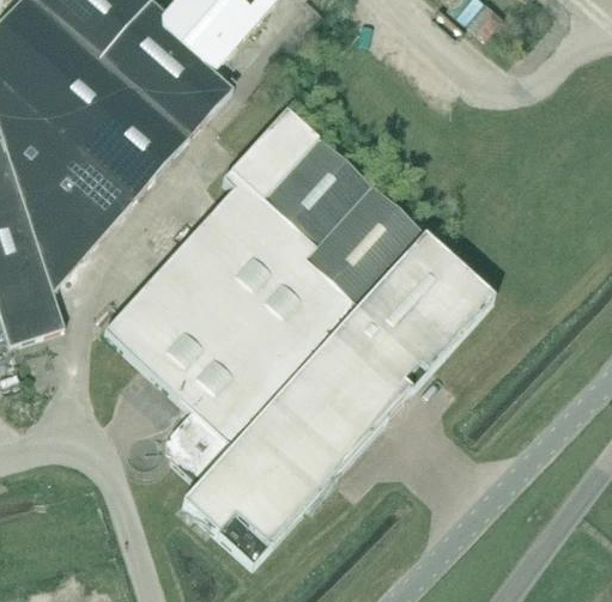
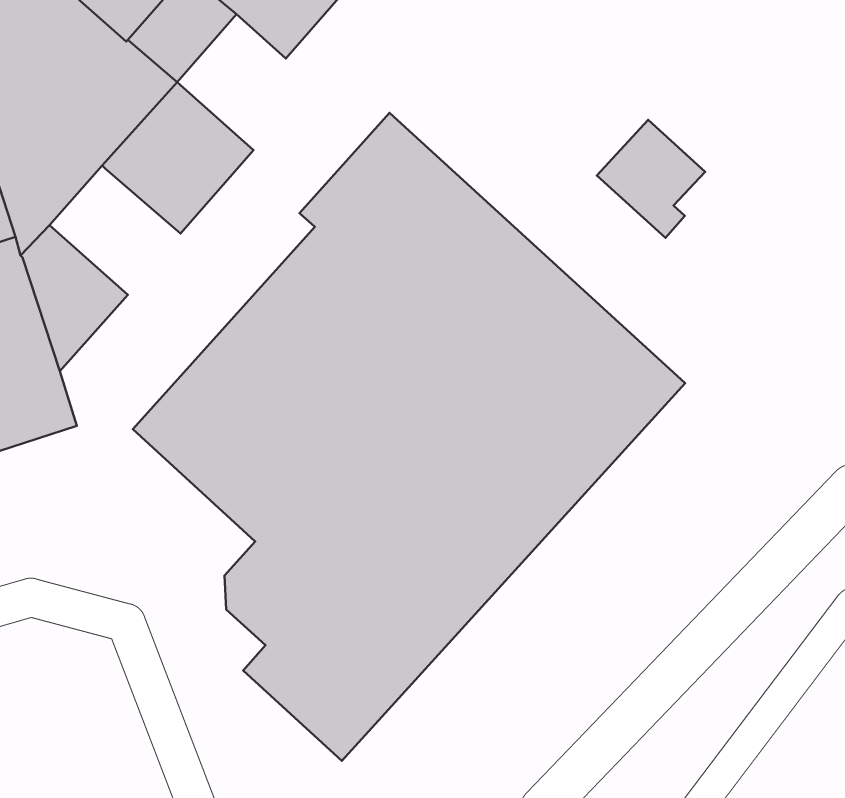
building: [135,38,232,134] -> none
building: none -> [597,120,705,238]
building: [46,145,138,236] -> none

